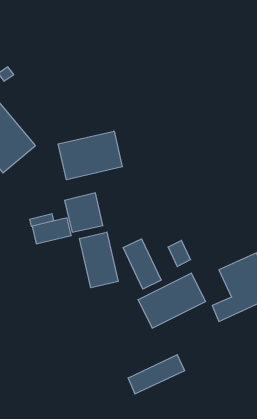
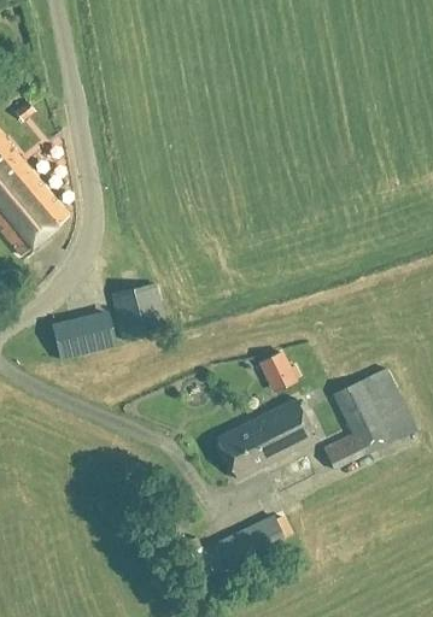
building: [58,131,122,180] -> none
building: [80,232,118,288] -> none
building: [123,239,161,289] -> none

